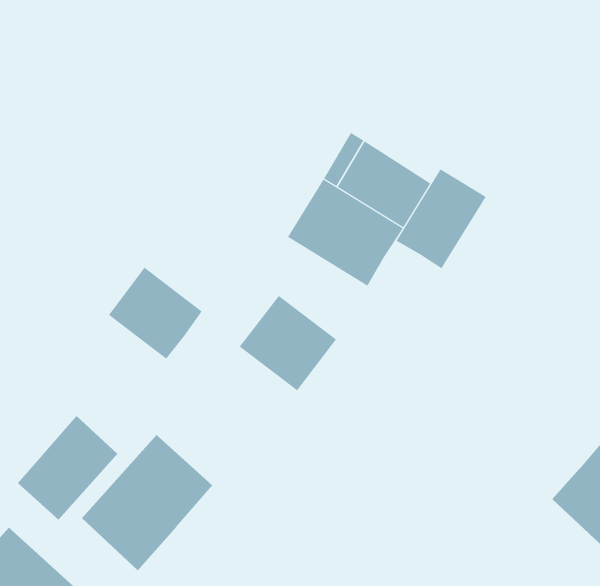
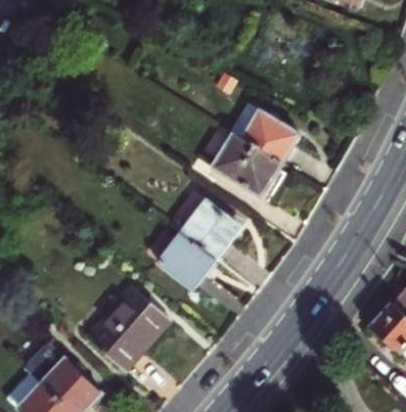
building: [396,168,486,269] -> none
building: [108,267,203,360] -> [164,235,220,290]
building: [17,415,118,520] -> none

